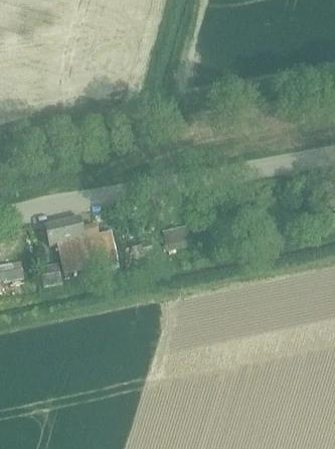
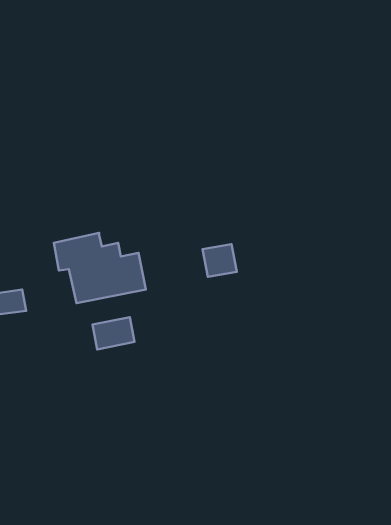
building: none -> [93,317,134,349]

